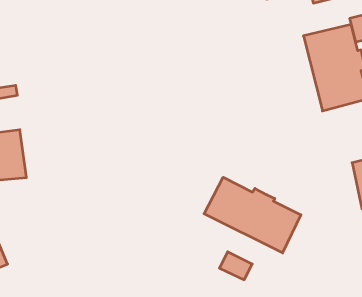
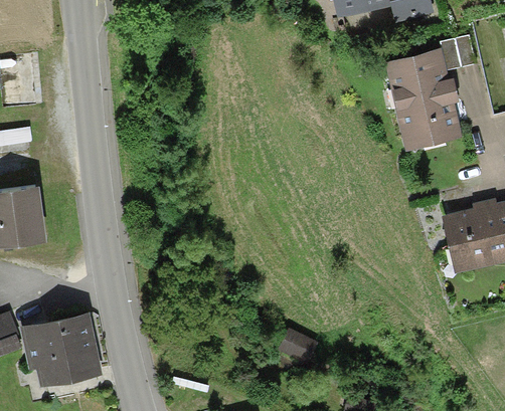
building: [204,177,301,253] -> none
building: none -> [20,306,102,378]

